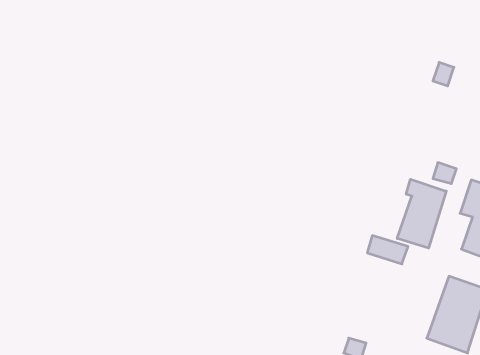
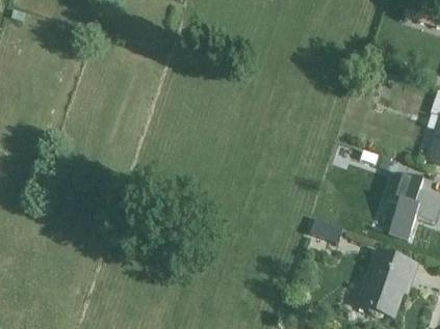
building: [397,179,446,248] -> none

